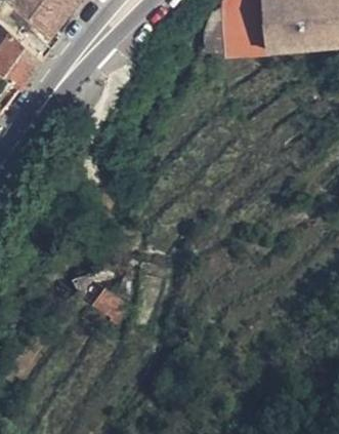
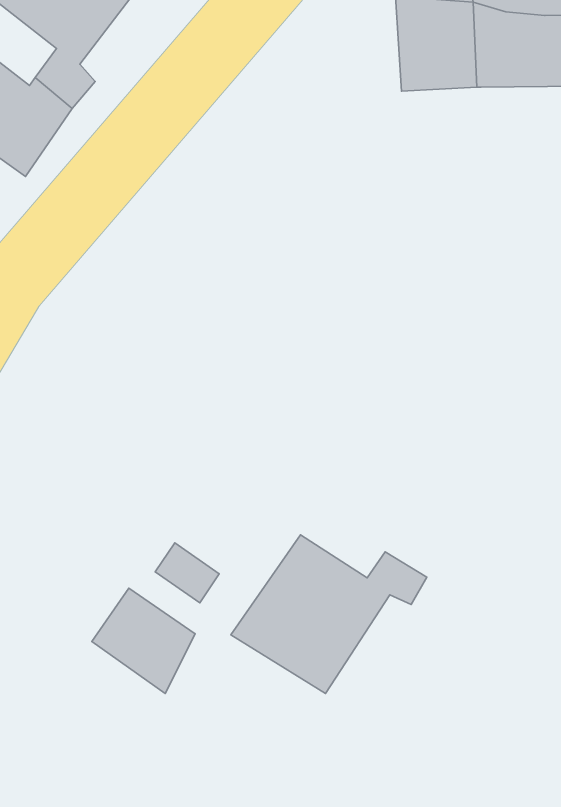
building: none -> [231,535,427,694]
building: none -> [92,588,195,693]

